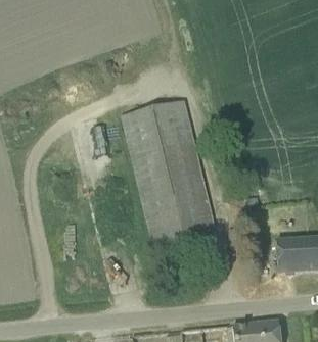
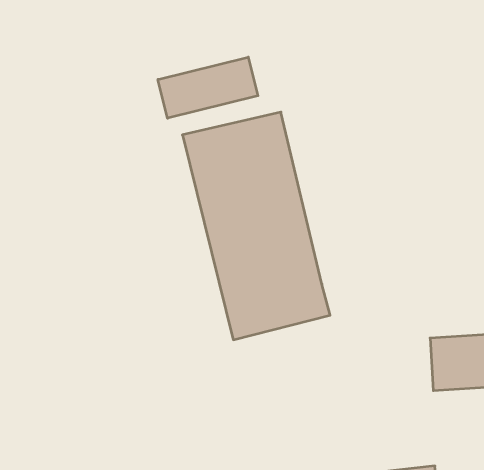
building: none -> [158,57,258,118]

